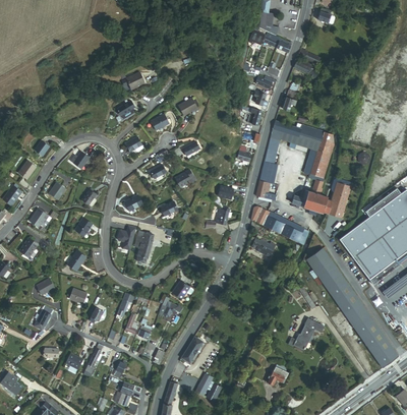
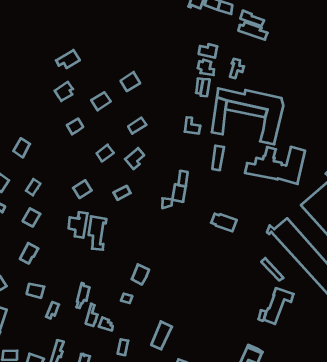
building: [252,206,306,244] -> none

